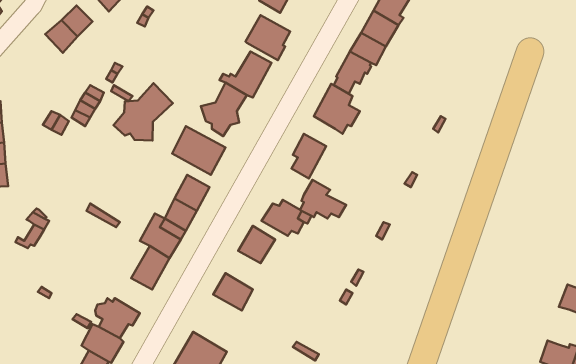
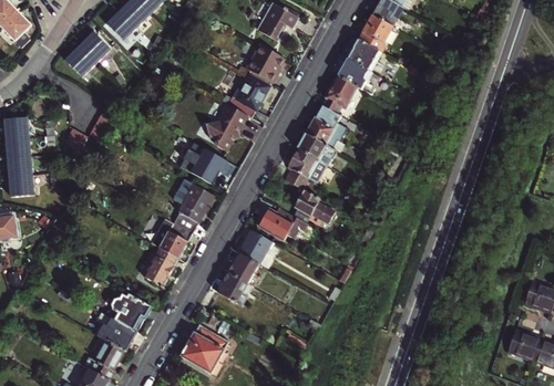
building: [114,83,173,140] -> none
building: none -> [297,131,337,159]
building: none -> [227,251,258,285]

